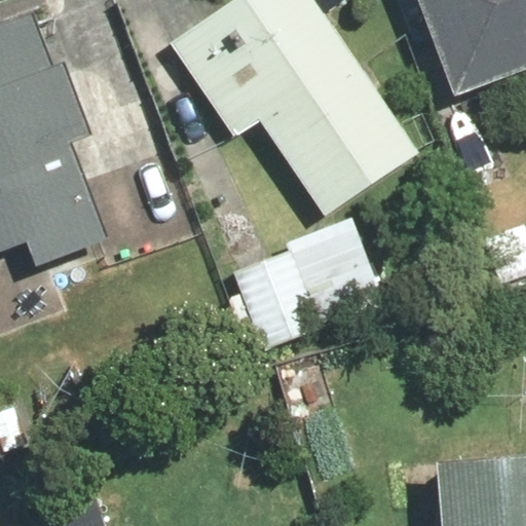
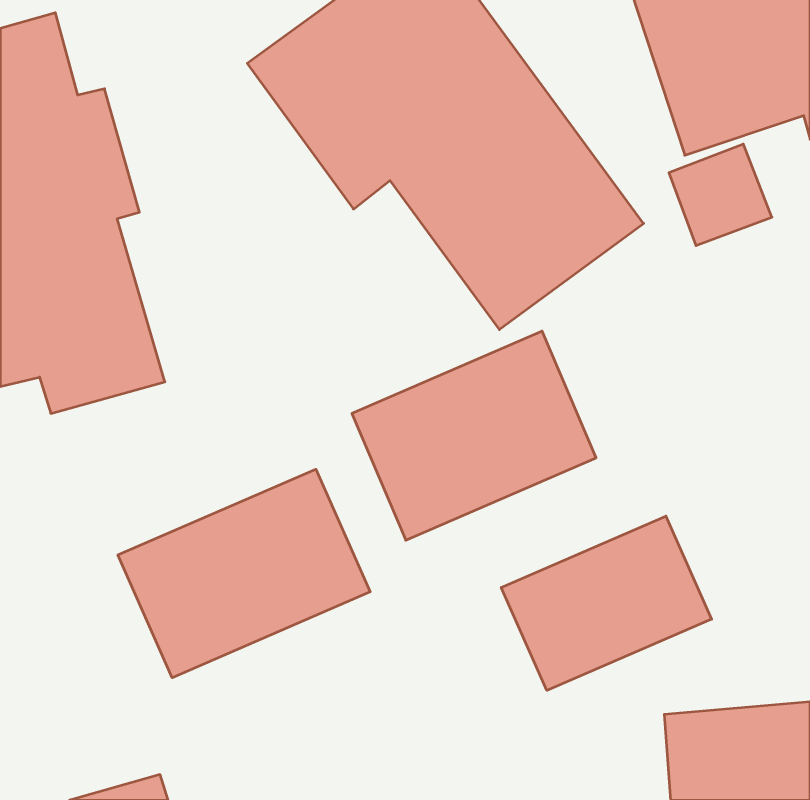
building: none -> [118,469,370,678]
building: none -> [501,516,712,690]

